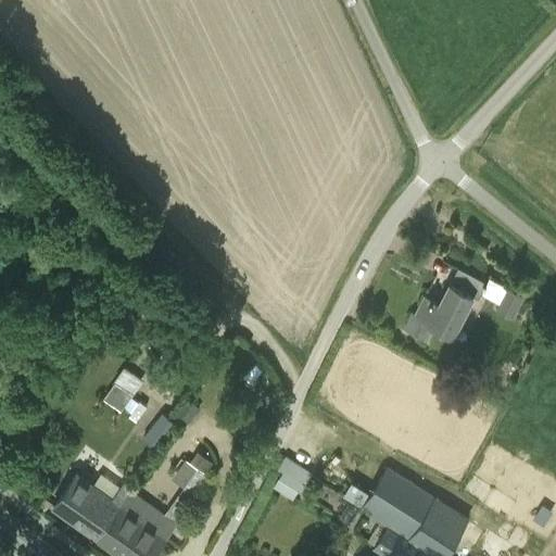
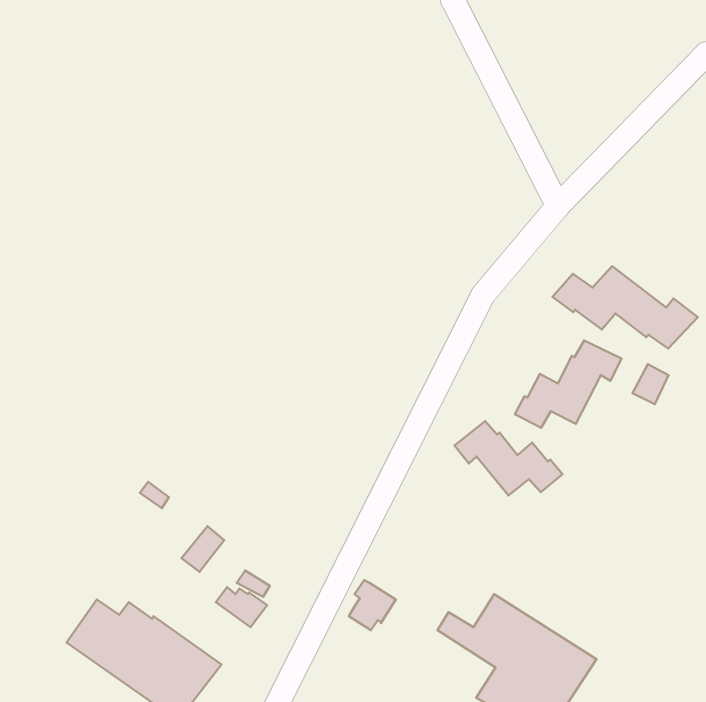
building: none -> [552,266,698,349]
building: none -> [454,421,562,496]

